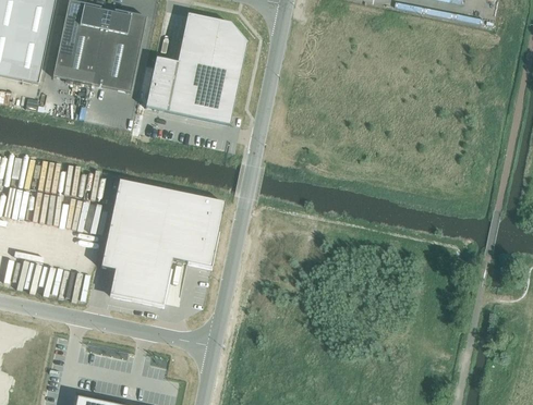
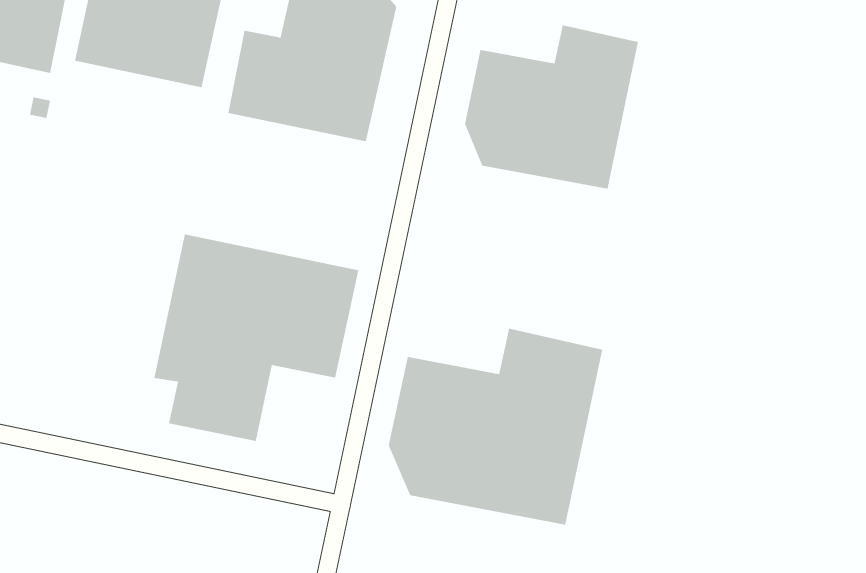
building: none -> [464,25,639,190]
building: none -> [388,328,603,526]

